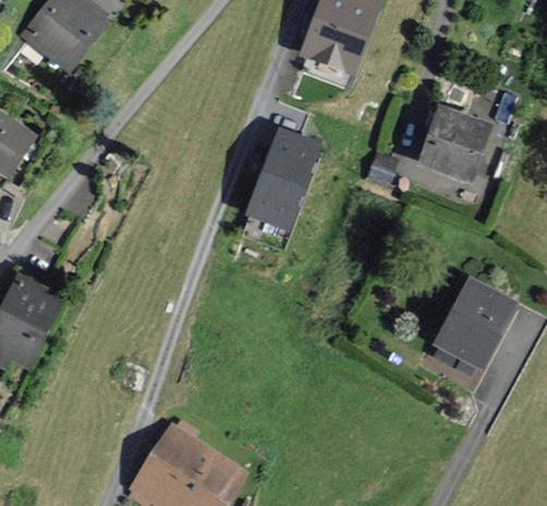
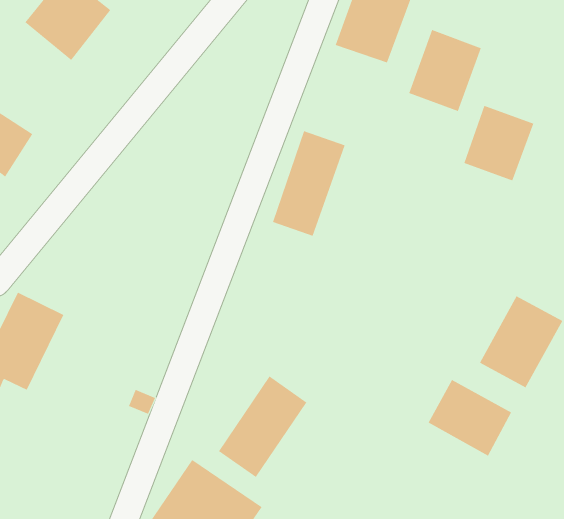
building: none -> [409,29,481,112]
building: none -> [218,376,307,478]
building: none -> [428,379,512,457]

